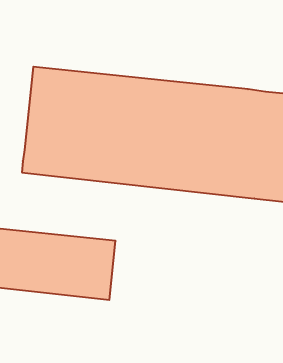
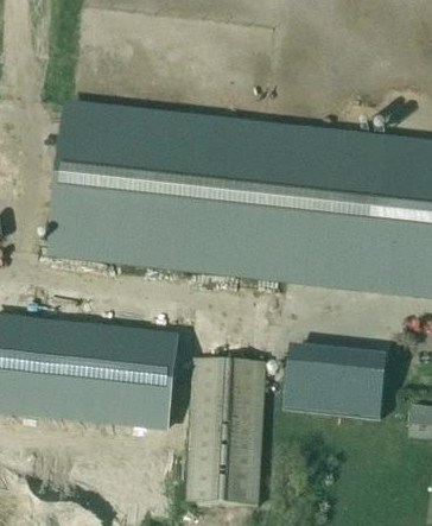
building: none -> [282,348,386,416]
building: none -> [185,356,265,503]

